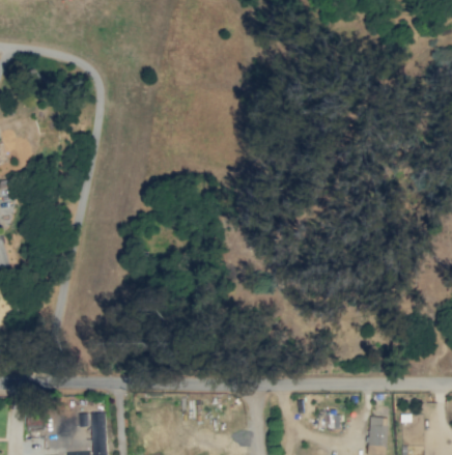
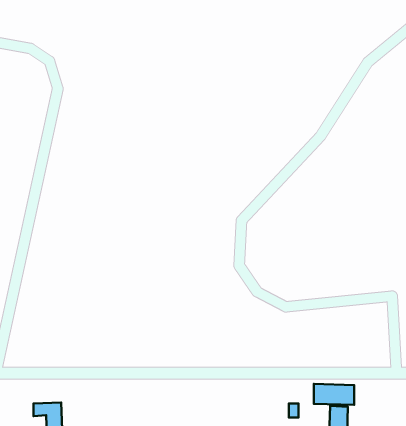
building: none -> [314,384,354,405]

